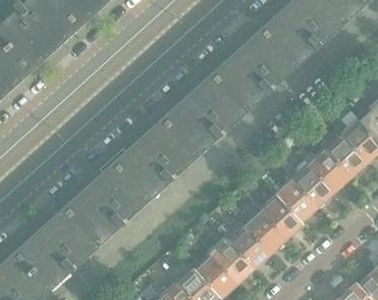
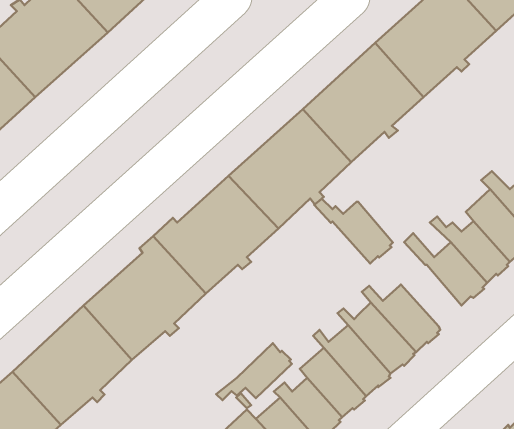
building: [264,179,317,222] -> [314,199,393,264]
building: none -> [216,343,292,400]

